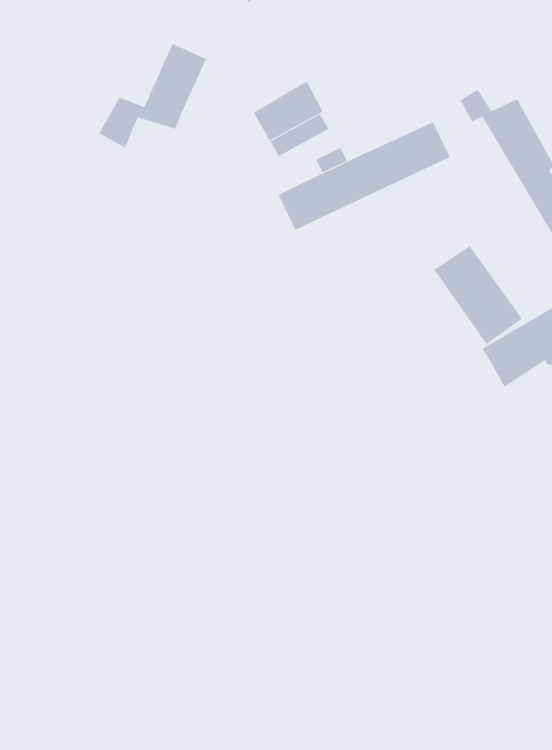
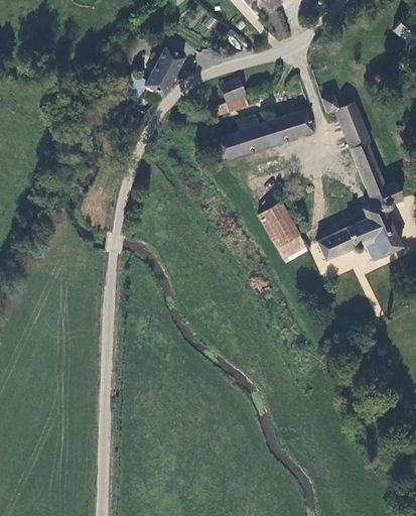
building: [433,245,523,345] -> [259,201,305,257]

